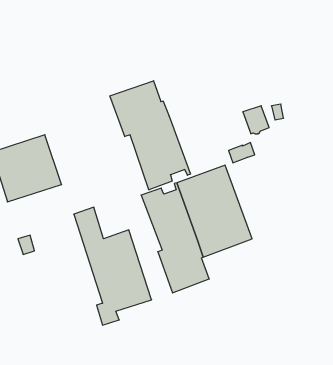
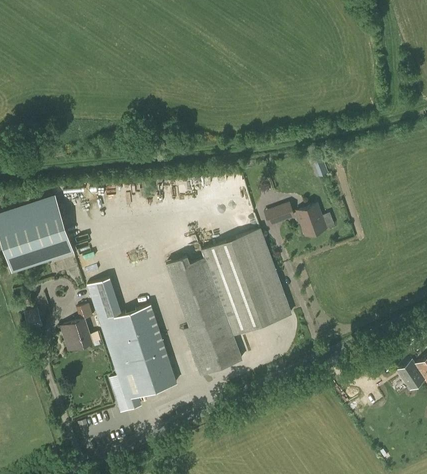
building: [110,81,190,190] -> none
building: [243,106,269,134] -> [297,205,327,237]
building: none -> [61,305,93,351]

